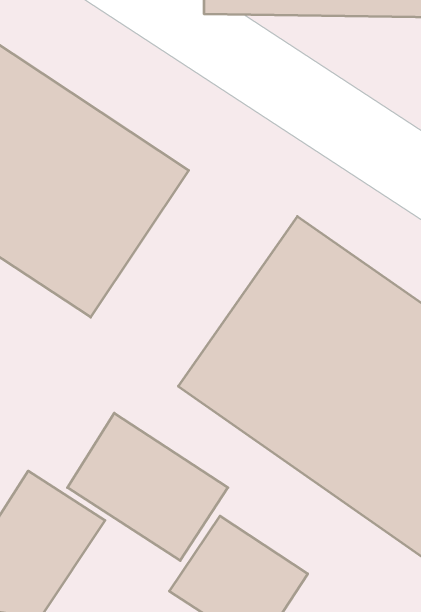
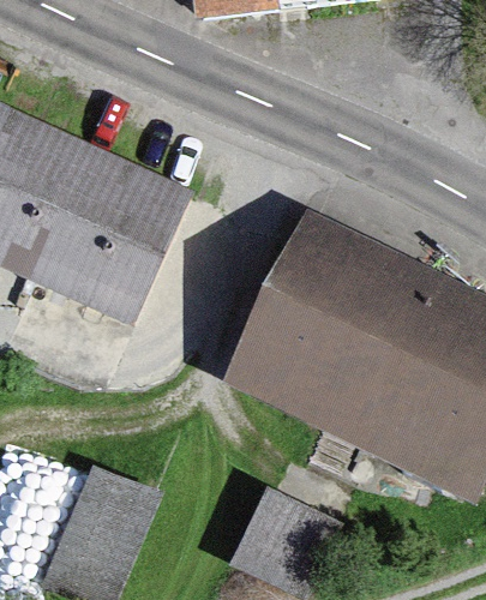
building: [67,413,228,561] -> none

